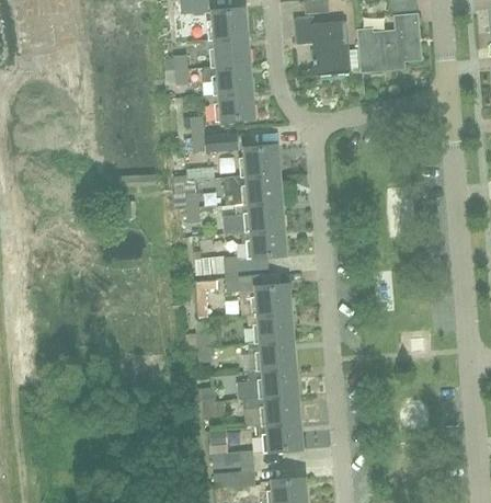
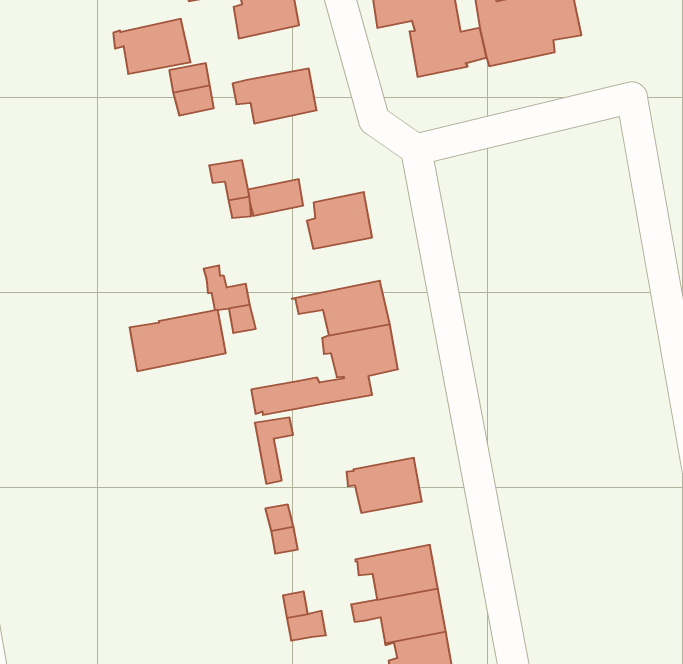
building: [205,36,251,67] -> [113,19,191,74]
building: [210,90,255,122] -> none
building: [224,172,282,205] -> [129,310,226,371]
building: [226,274,292,315] -> none
building: [248,339,296,370] -> none

